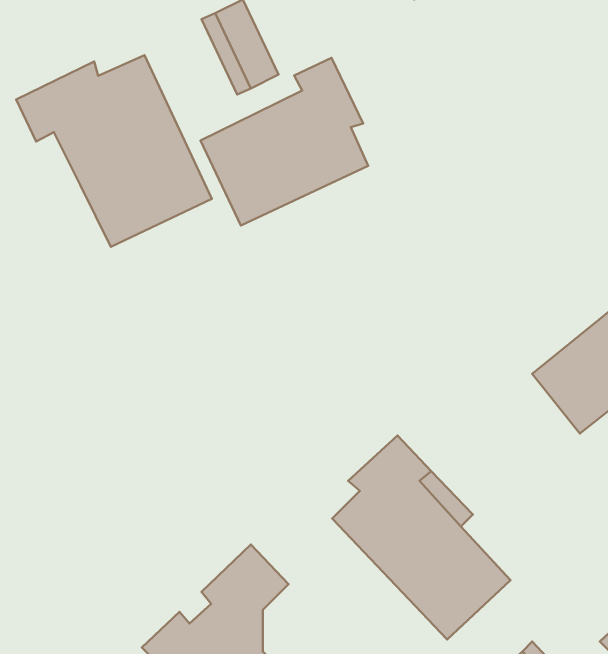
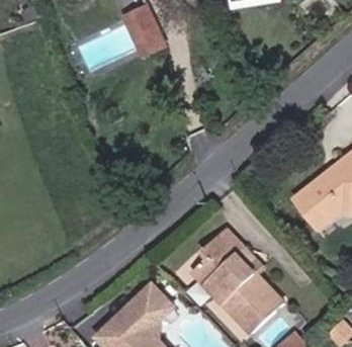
building: [16,55,212,247] -> none
building: [200,58,368,225] -> none

